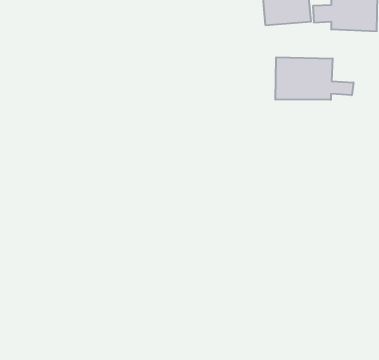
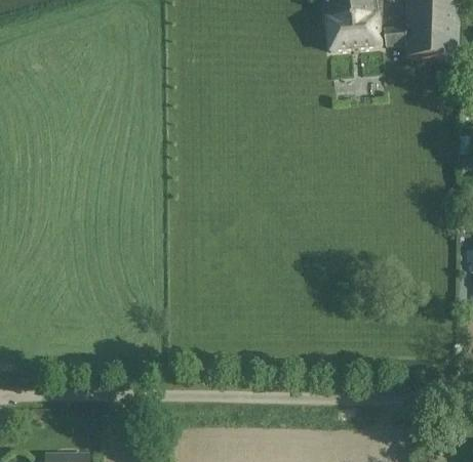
building: [275,57,353,100] -> none

